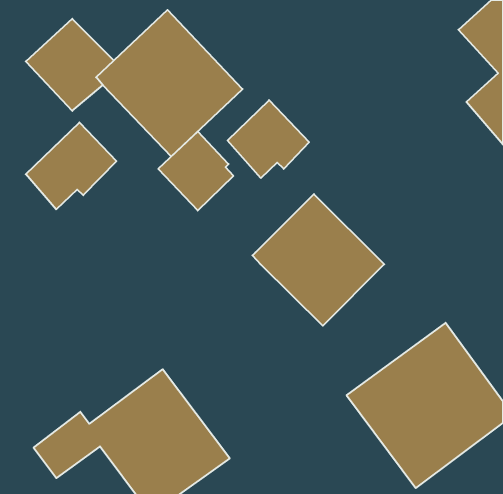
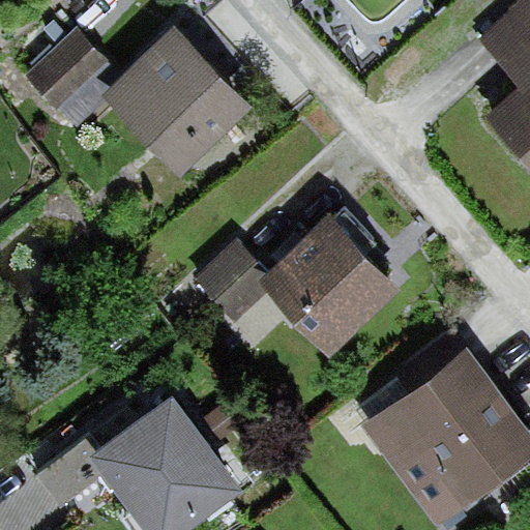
building: [228,100,309,178] -> none
building: [26,122,116,209] -> none
building: [158,131,233,211] -> [194,242,272,325]

